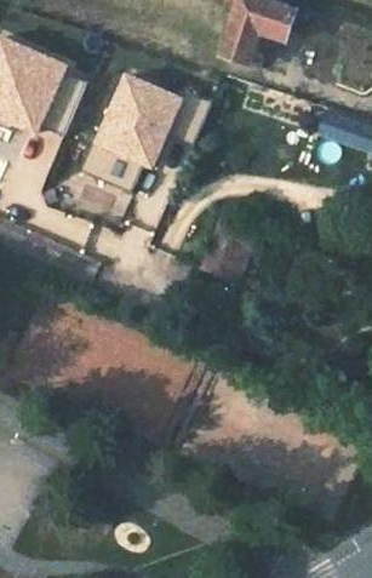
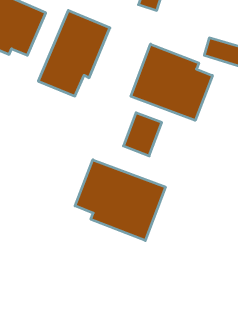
building: none -> [131,44,212,120]
building: none -> [75,160,165,241]

